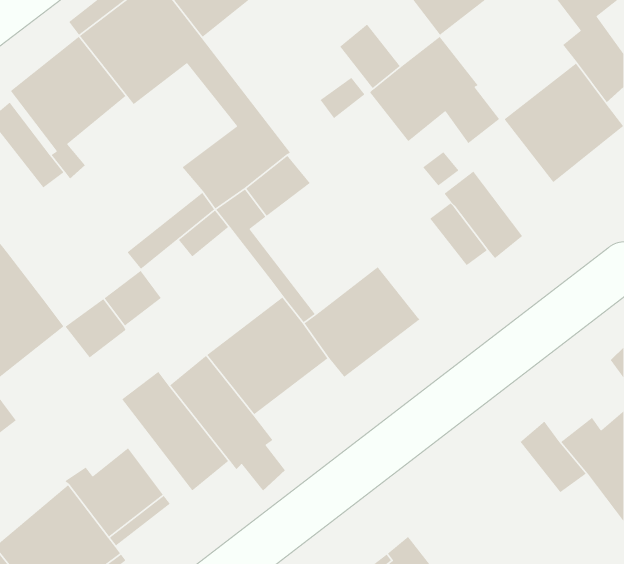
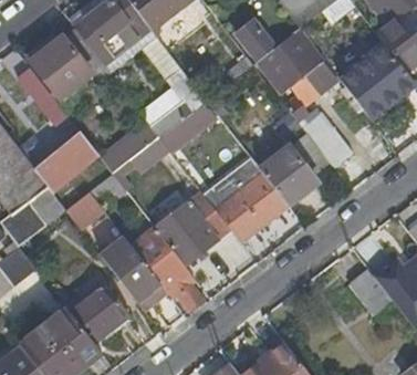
building: none -> [30,132,98,191]
building: none -> [259,145,316,204]

